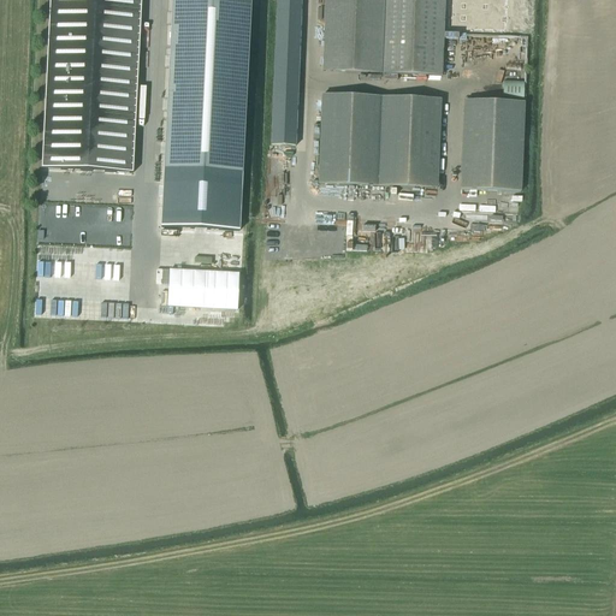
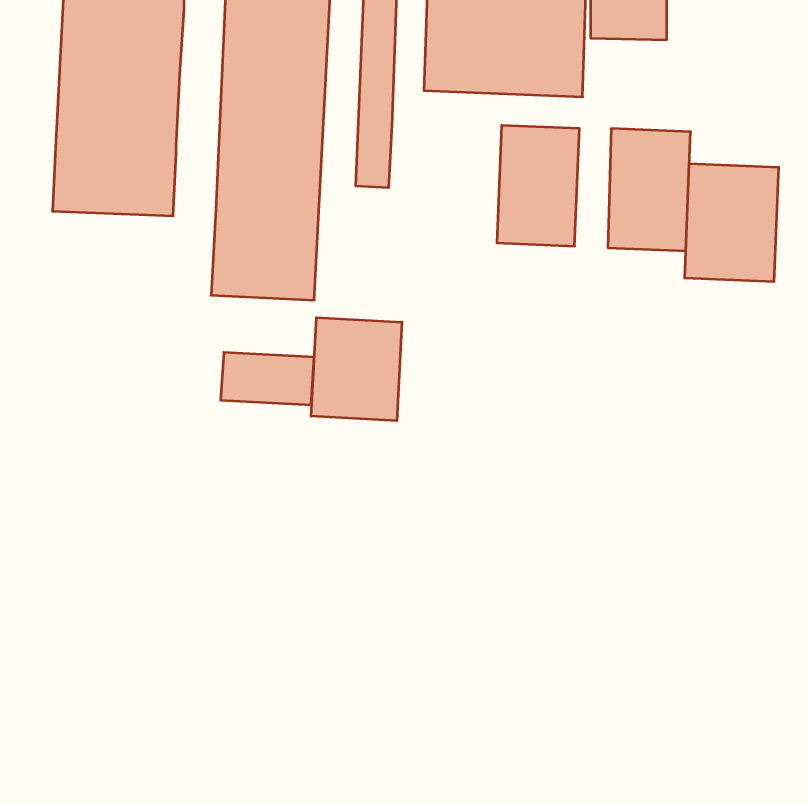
building: [320,93,383,184] -> none
building: none -> [685,163,779,282]
building: none -> [311,318,402,421]

